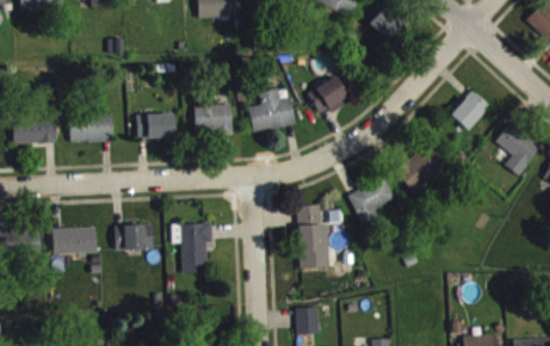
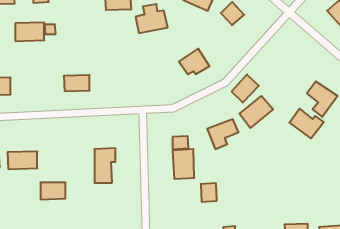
building: [248,88,296,131] -> [136,4,168,33]
building: [450,88,490,130] -> [232,74,259,103]
building: [194,104,233,134] -> none
building: [70,115,113,142] -> [15,23,44,41]
building: none -> [289,109,324,138]
building: [116,224,153,249] -> [40,182,65,199]
building: [296,307,320,334] -> [201,183,217,202]

